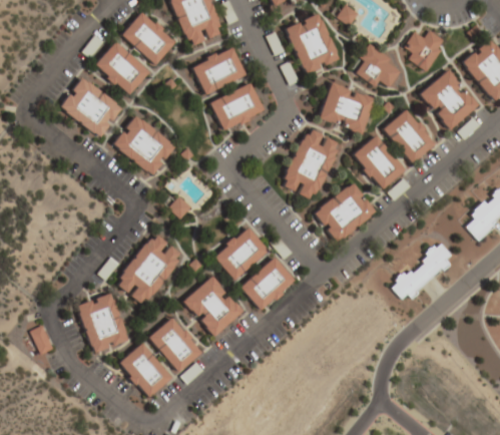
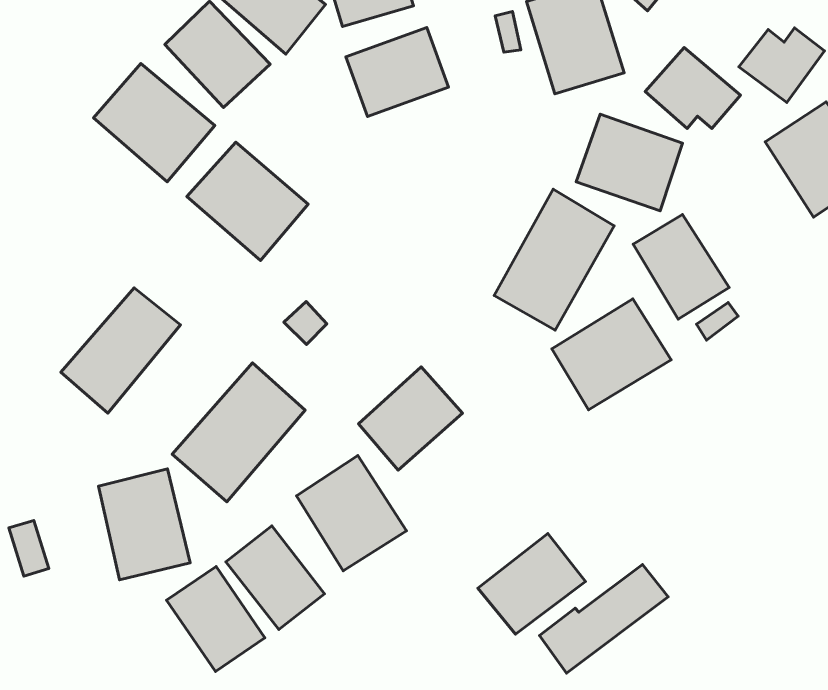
building: [210,83,265,130] -> none
building: [382,107,439,163] -> none
building: none -> [61,288,181,413]
building: [390,243,457,304] -> [539,565,668,673]
building: [239,257,297,312] -> [478,533,585,634]

